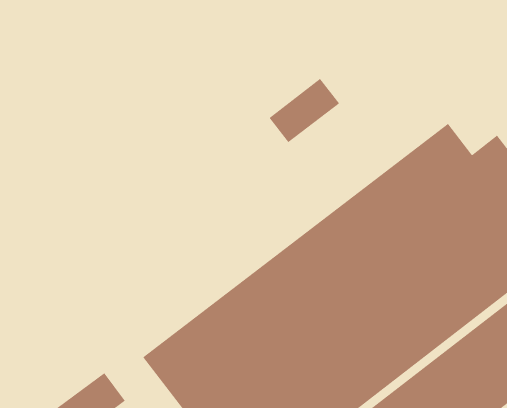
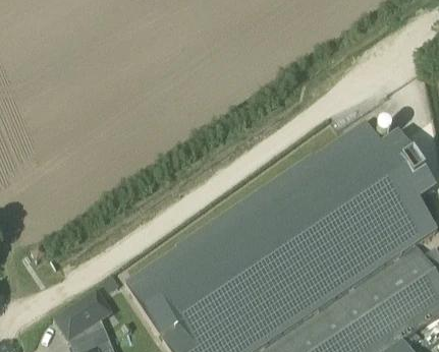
building: [269,78,340,143] -> none

